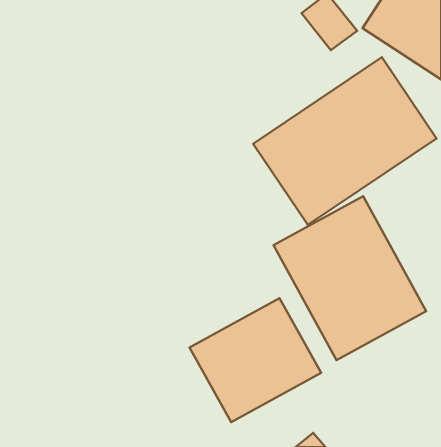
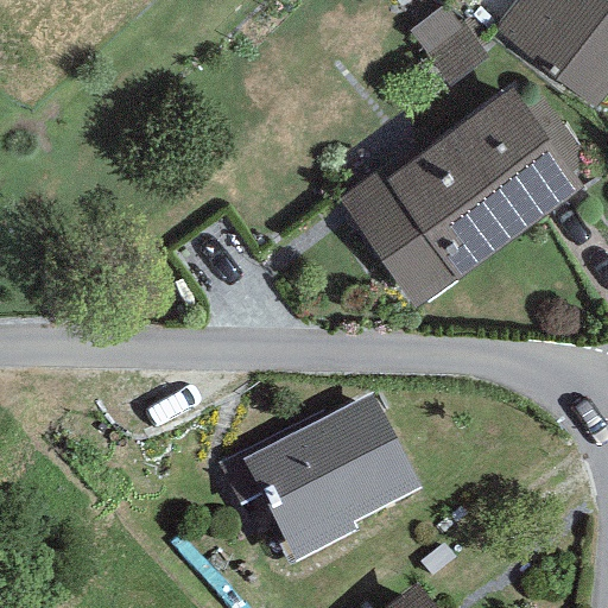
building: [274,196,426,360] -> none

